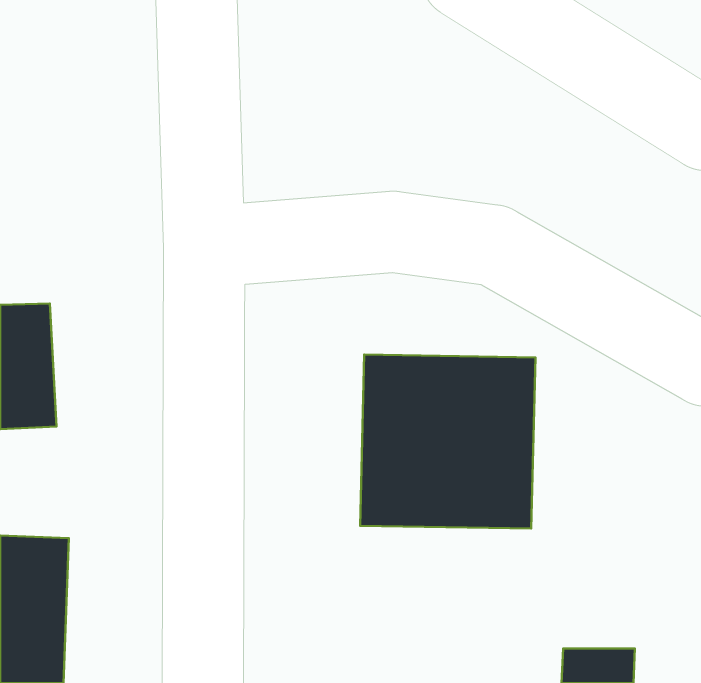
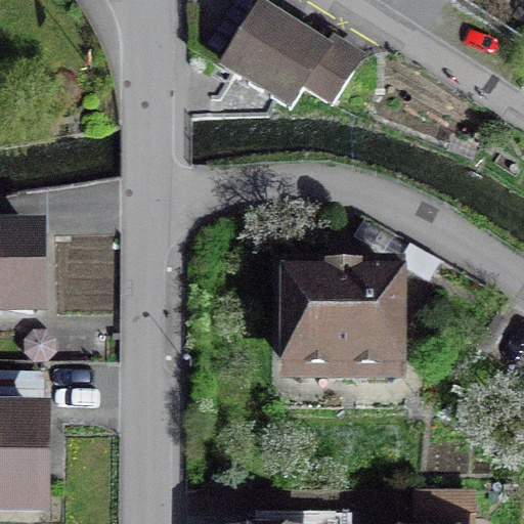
building: none -> [225,7,332,104]

